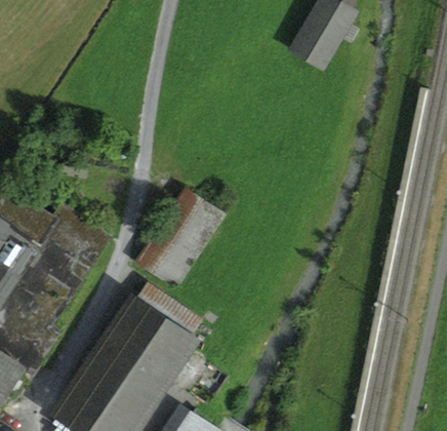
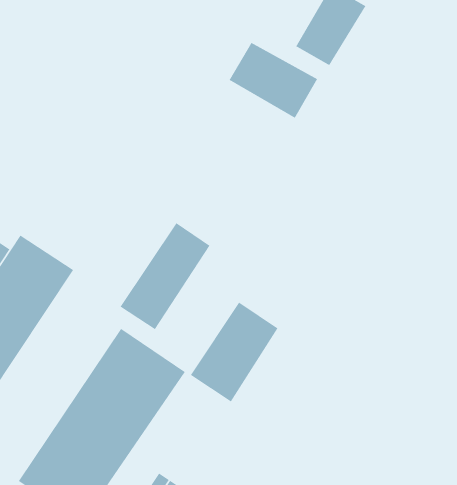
building: none -> [228,42,318,119]
building: none -> [190,302,278,403]

